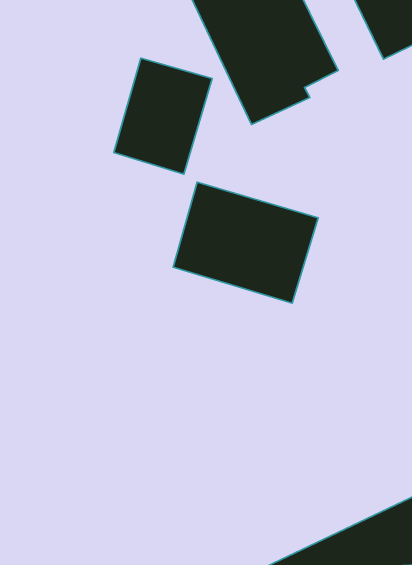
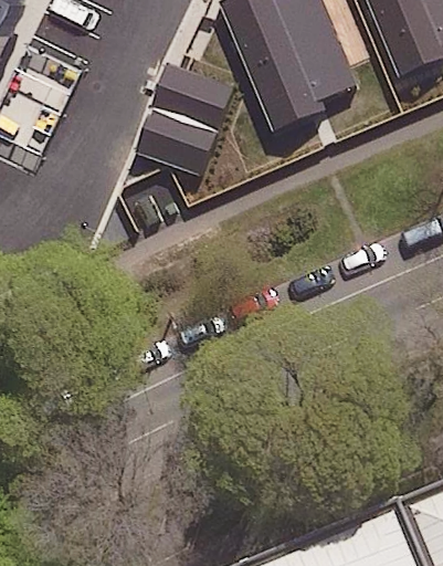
building: [173,182,318,303] -> none

